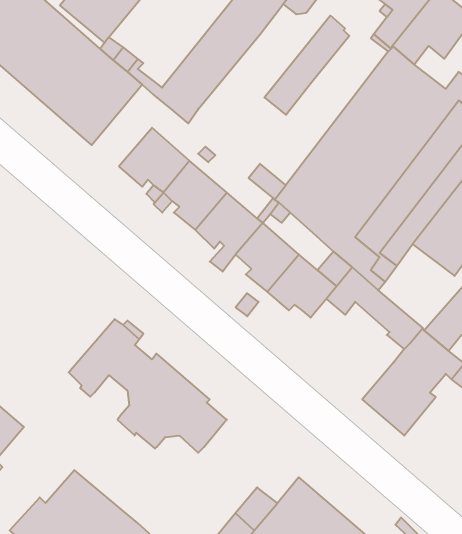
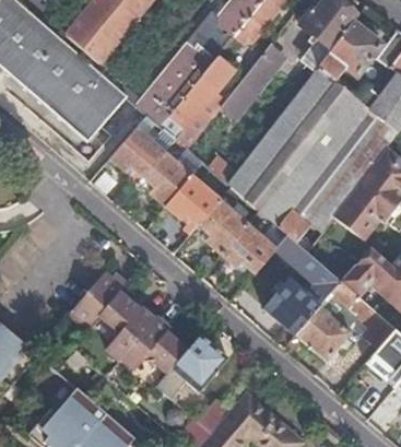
building: none -> [162,57,228,146]
building: none -> [263,280,318,334]
building: none -> [158,337,228,399]

